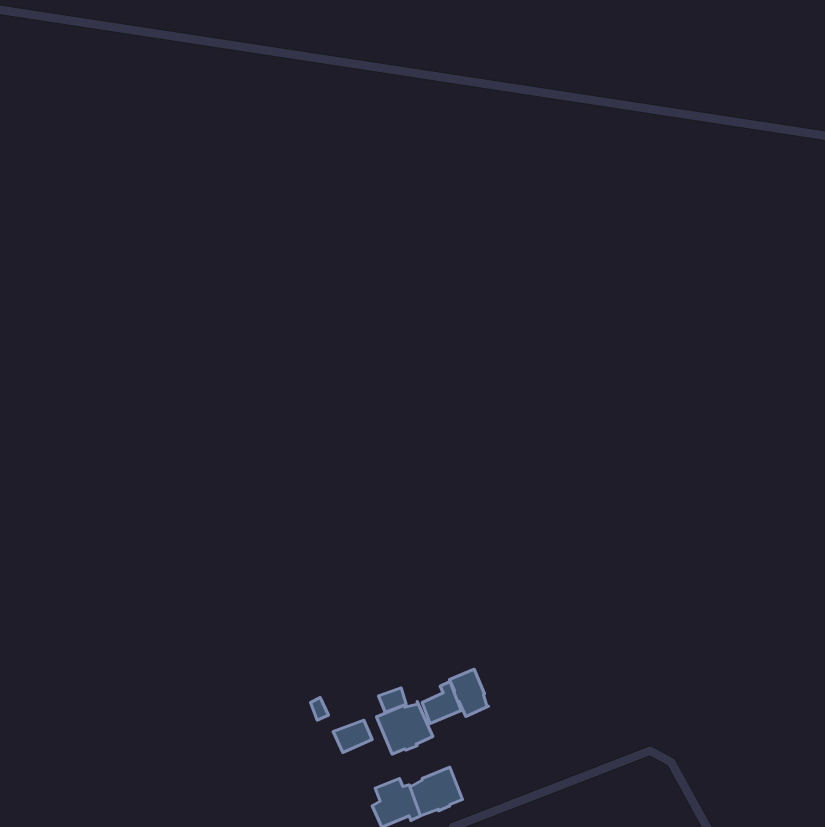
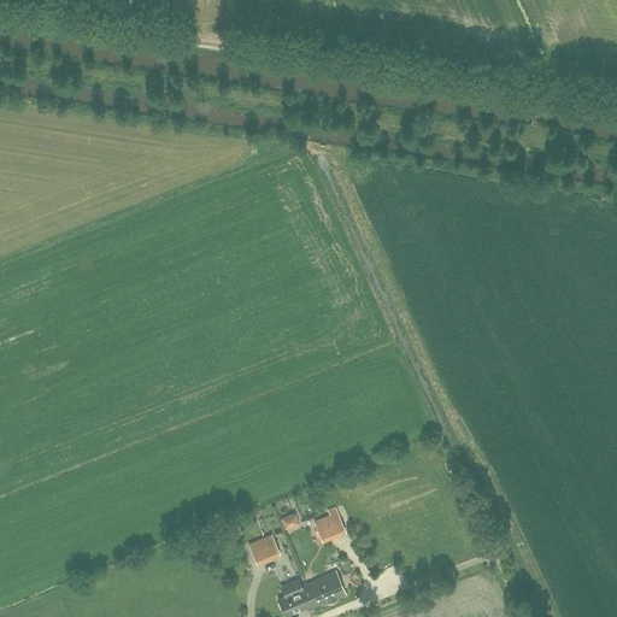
building: [450,669,489,717] -> none
building: [377,701,433,754] -> none

